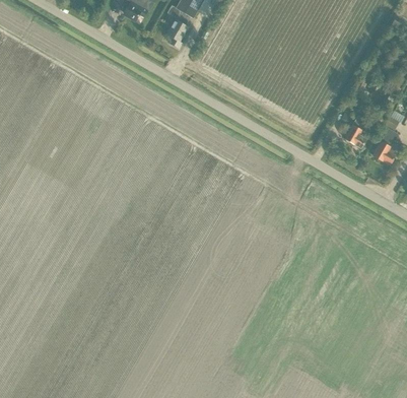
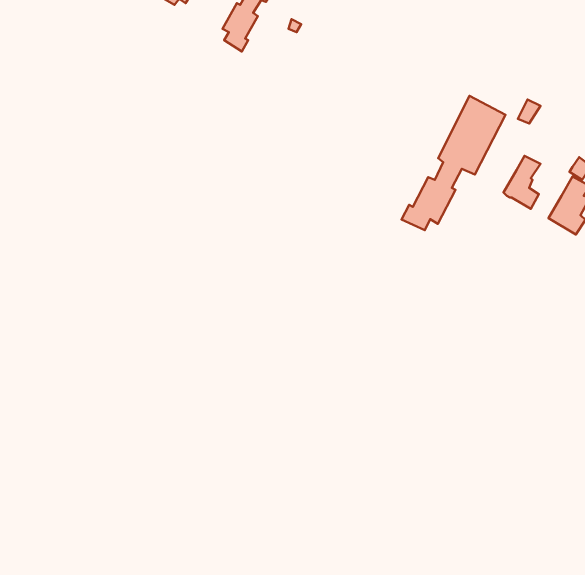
building: none -> [401,96,505,230]

